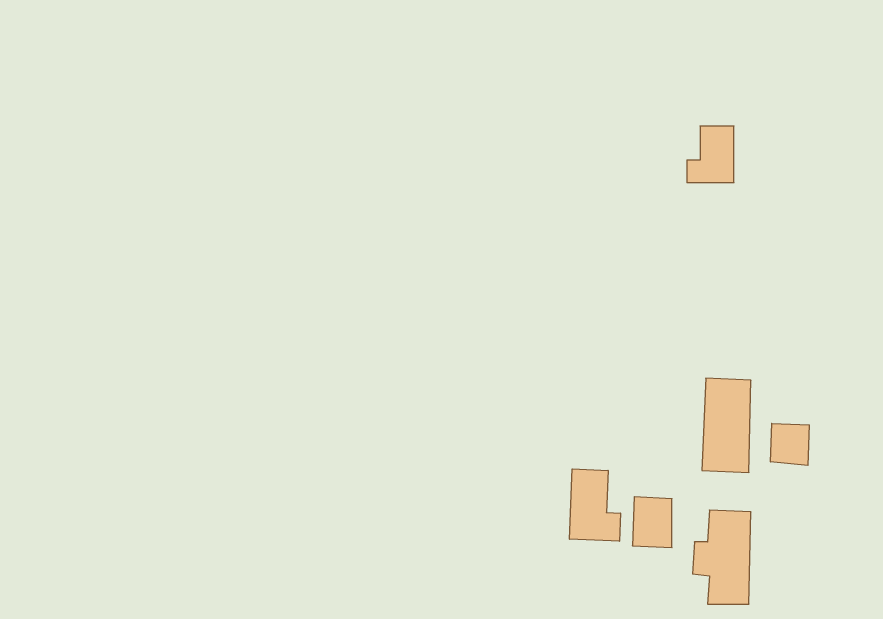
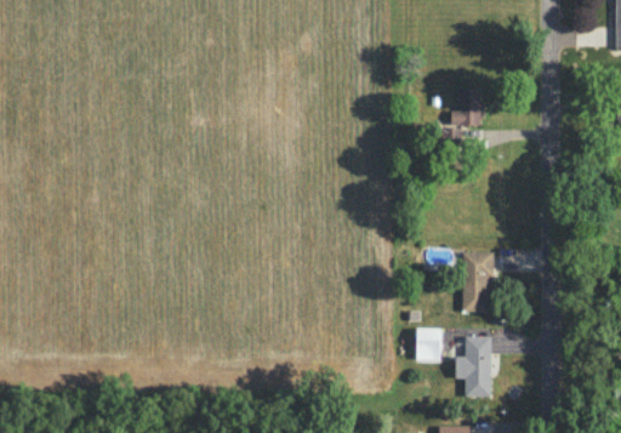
building: [771,423,809,465] -> none
building: [570,469,620,541] -> none

